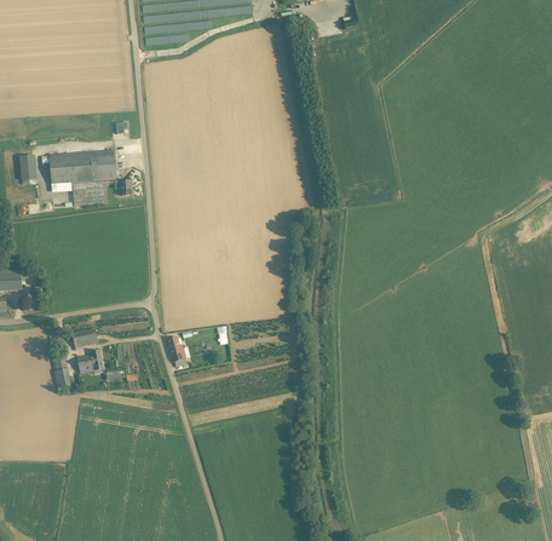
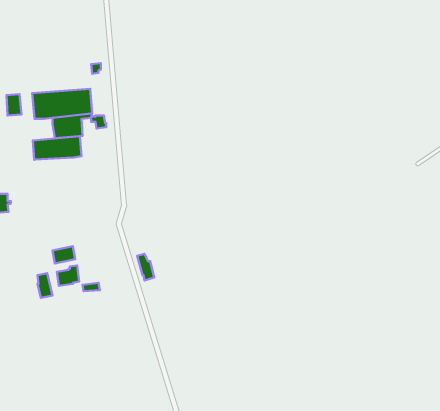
building: none -> [33,136,81,160]

